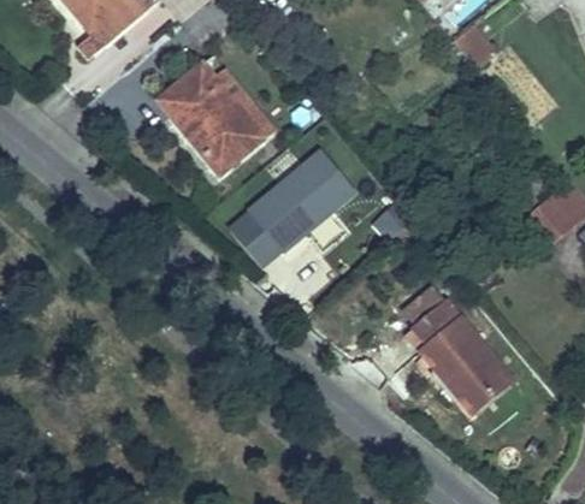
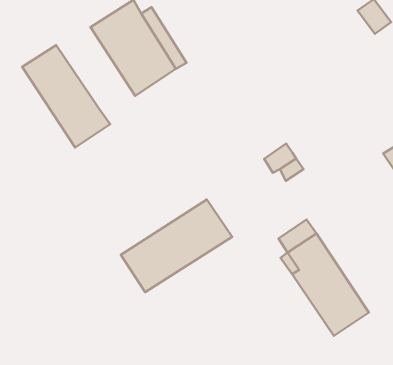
building: none -> [22,45,110,147]
building: [230,152,353,265] -> [121,200,232,292]

